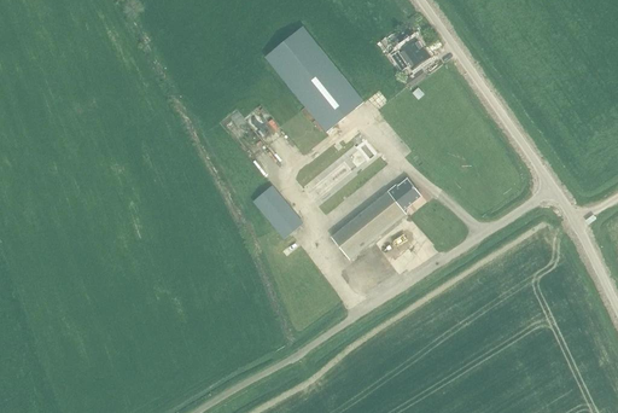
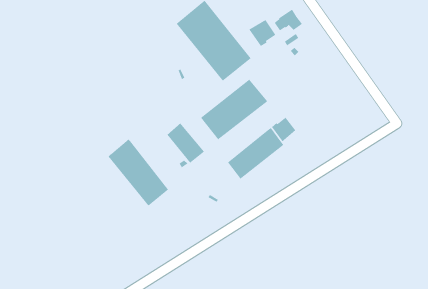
building: none -> [248,19,276,47]
building: none -> [108,139,169,206]

